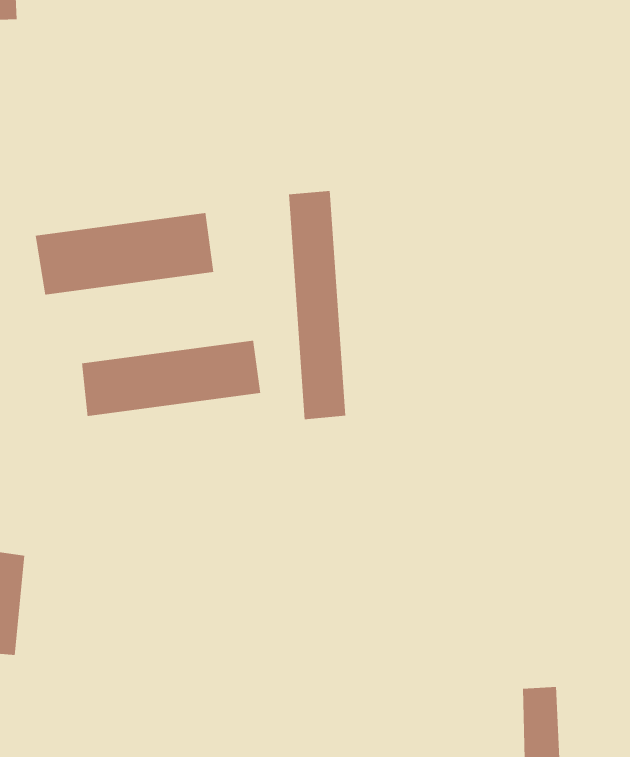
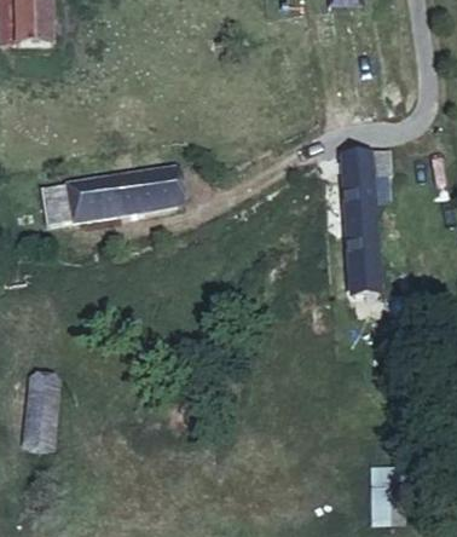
building: [288,190,346,420] -> [343,151,380,295]
building: [81,340,261,417] -> none

